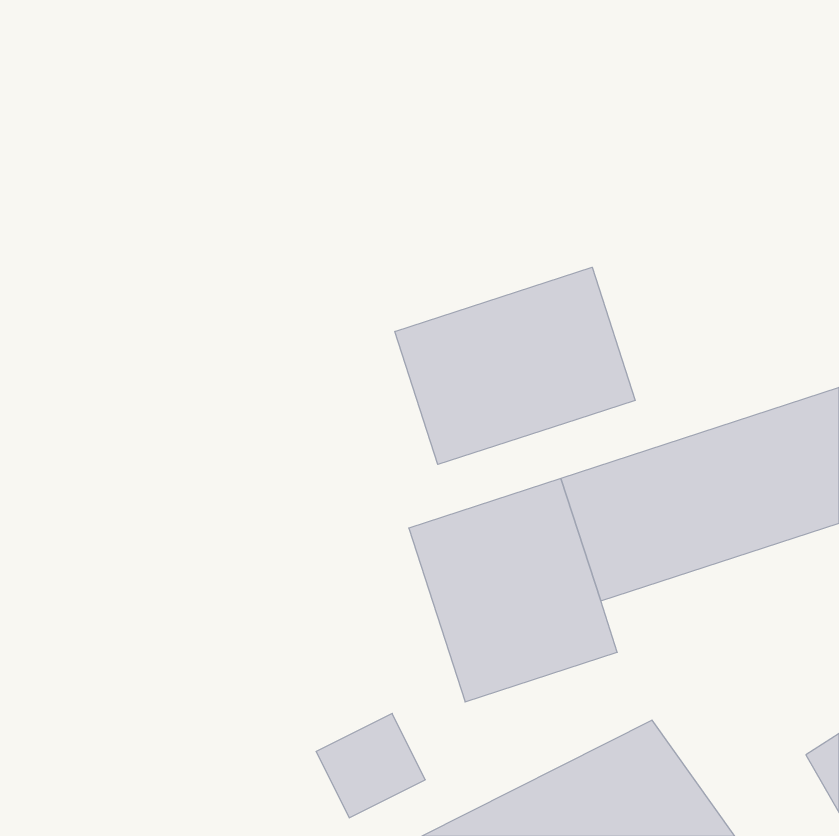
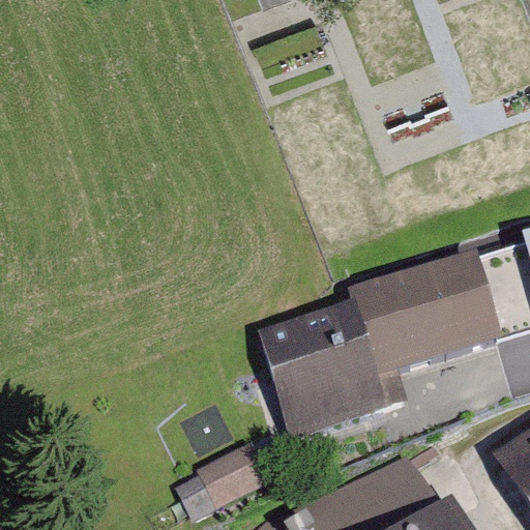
building: [395,267,635,464] -> none

